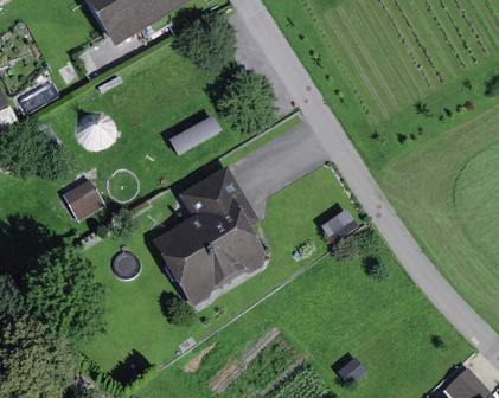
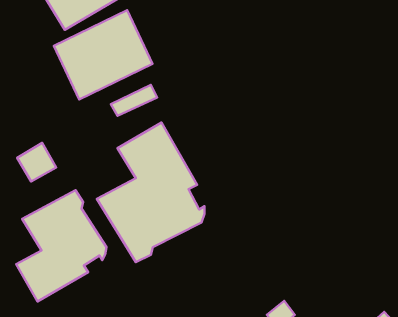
building: none -> [54,10,152,99]
building: none -> [16,190,106,302]

